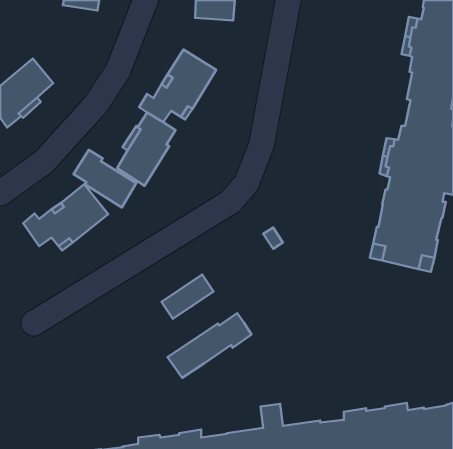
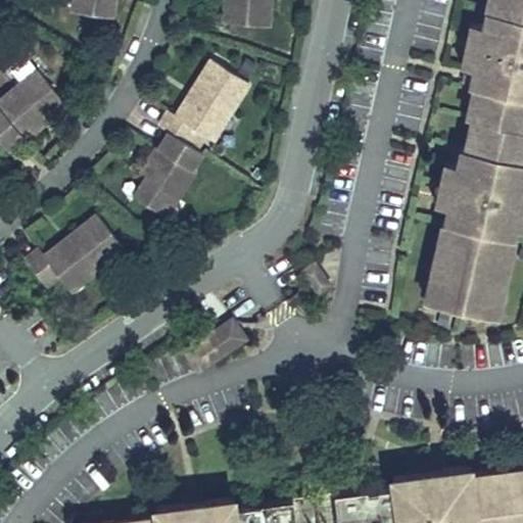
building: [74,150,136,207] -> none
building: [167,313,252,378] -> none

